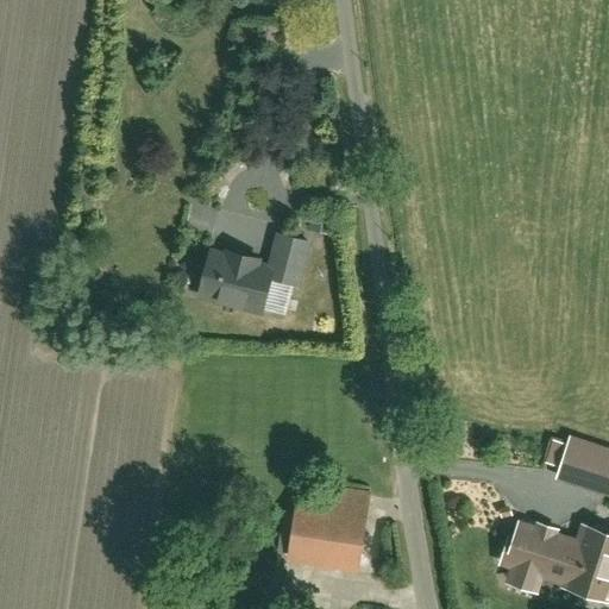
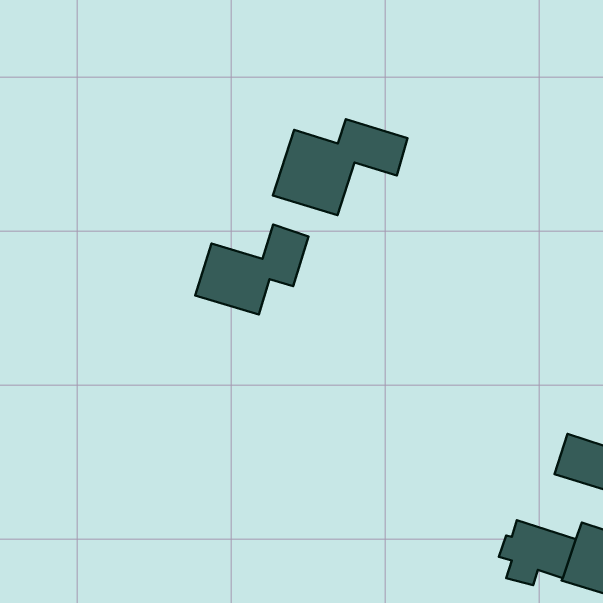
building: none -> [273,119,407,215]
building: [284,489,370,584] -> none

